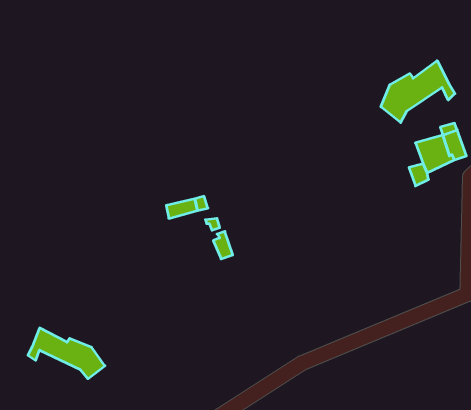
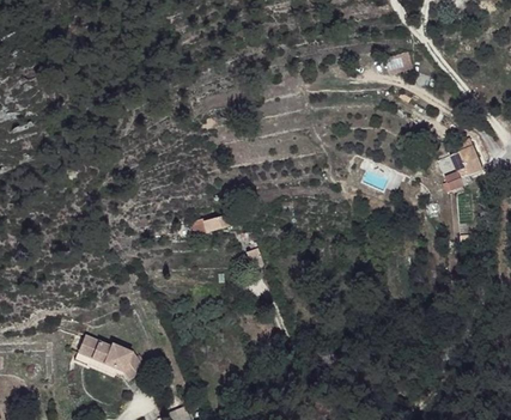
building: [381,61,455,123] -> none

